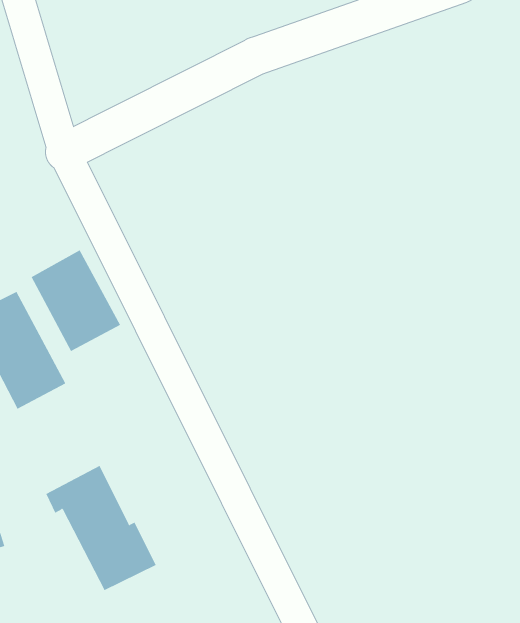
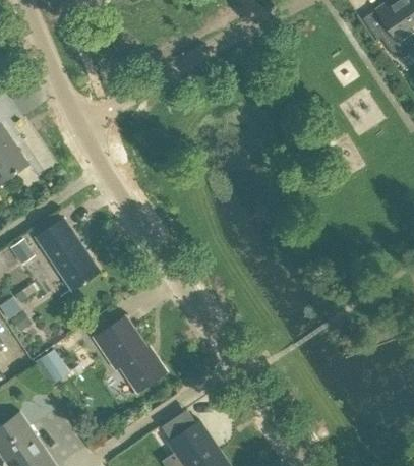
building: [31,250,121,352] -> none

